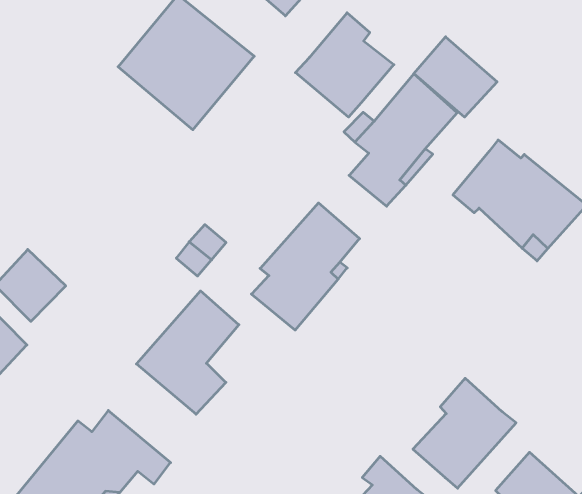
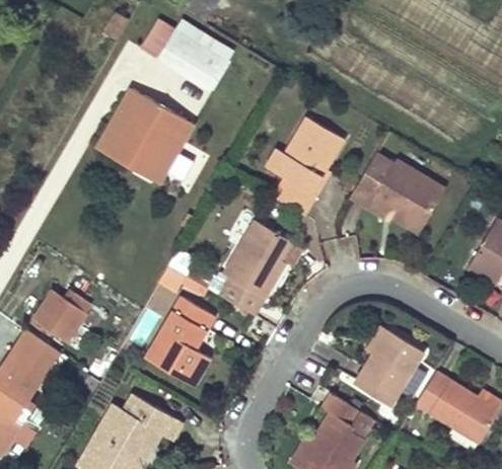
building: [295,13,394,117] -> none
building: [414,37,497,117] -> none

